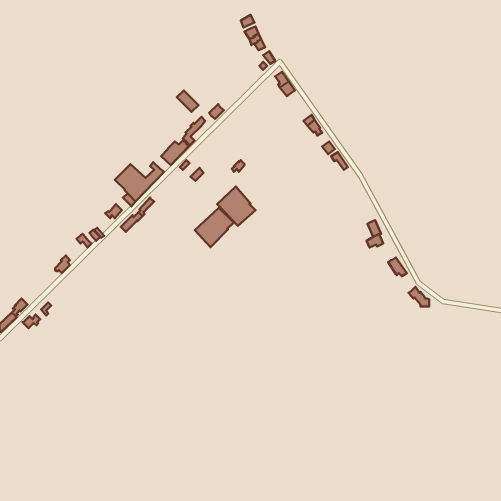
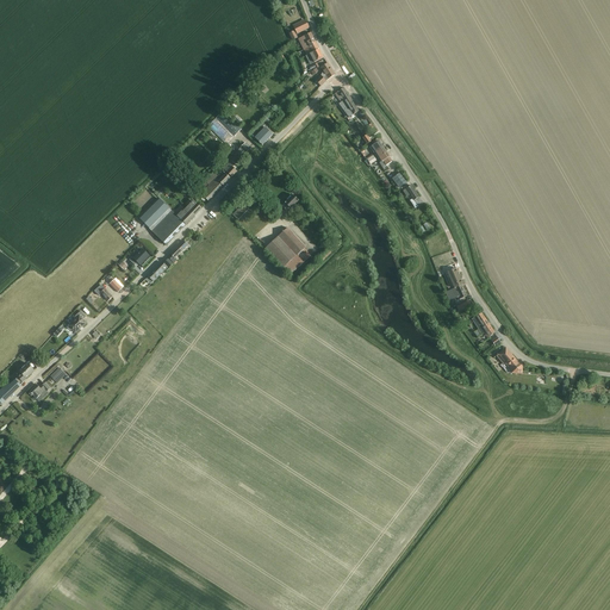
building: [195,208,234,247] -> none

